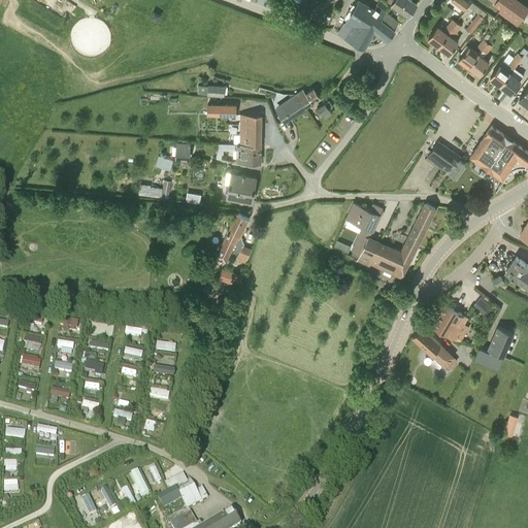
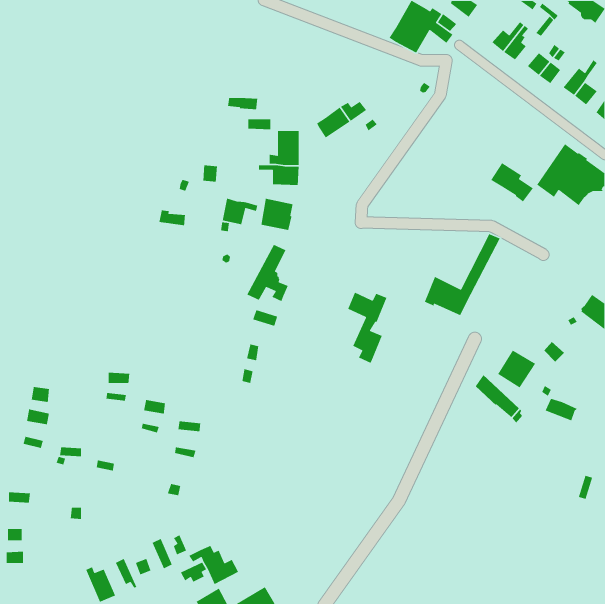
building: none -> [222,198,258,225]
building: [348,203,383,266] -> [347,292,388,364]
building: [480,327,514,357] -> none

